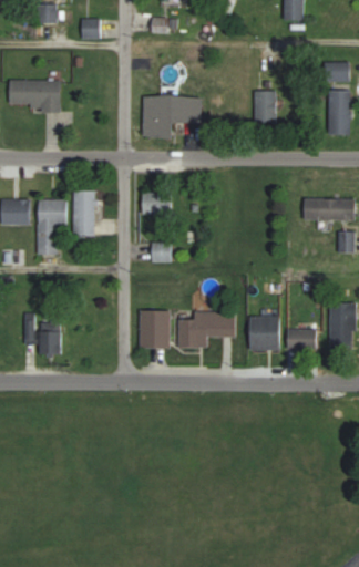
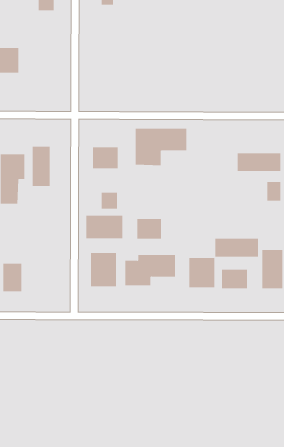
building: [325,61,350,134] -> none
building: [253,92,276,122] -> none
building: [142,96,201,138] -> [135,128,187,166]
building: none -> [86,215,123,239]
building: none -> [137,218,162,239]
building: none -> [215,238,258,257]

